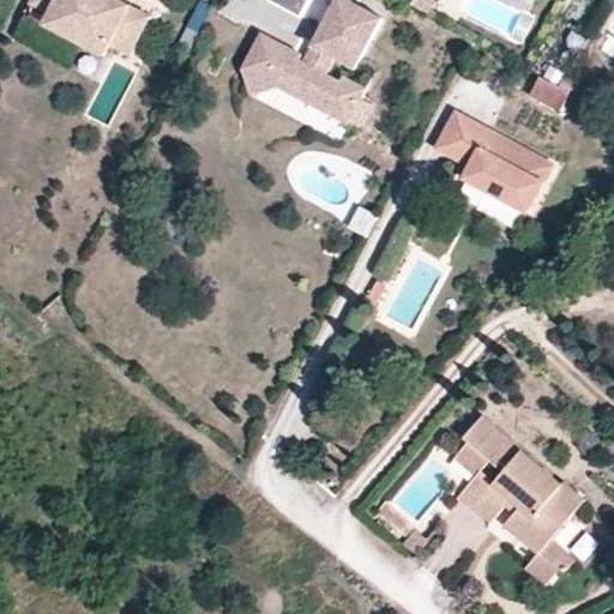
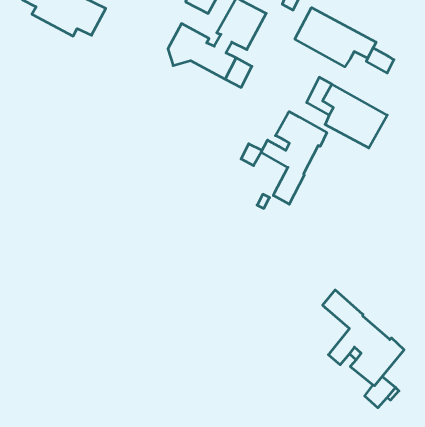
building: none -> [295,8,376,67]
building: none -> [261,112,327,204]
building: [451,439,499,505] -> none

